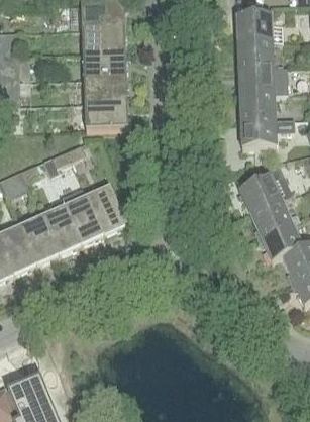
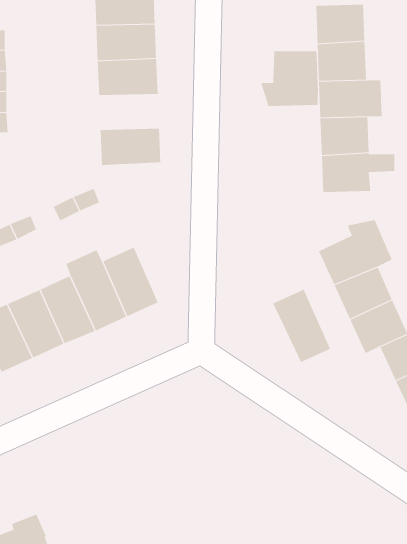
building: none -> [260,51,319,107]
building: [83,77,126,102] -> none
building: none -> [273,289,331,363]

